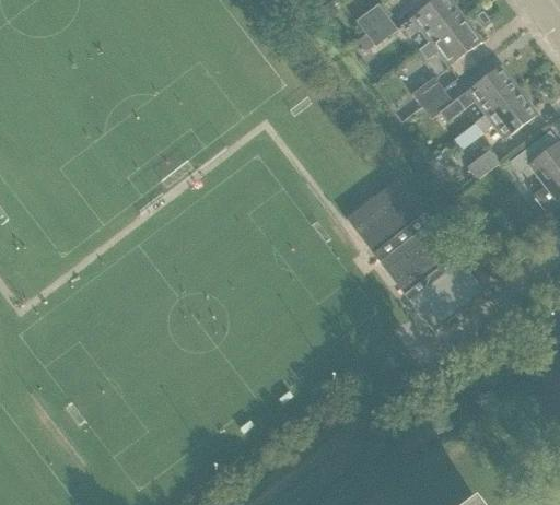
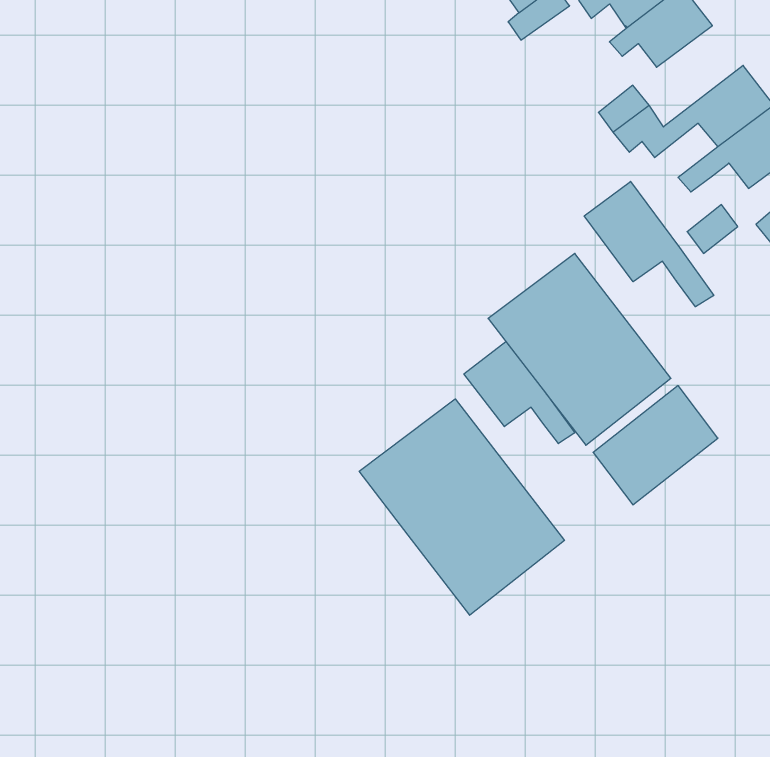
building: none -> [584,181,714,307]
building: none -> [464,342,575,444]
building: none -> [359,399,564,615]

